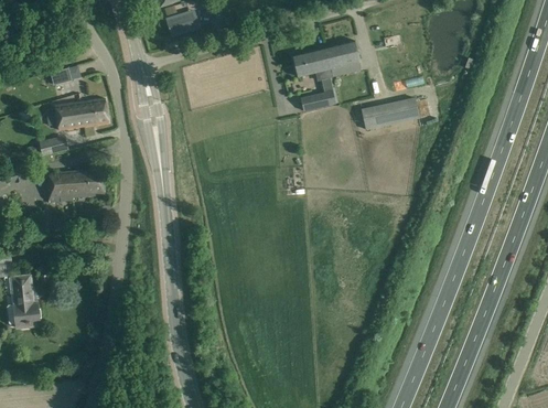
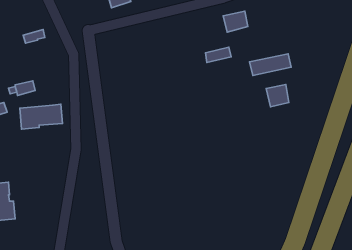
building: [292,46,332,79] -> none
building: [54,97,108,130] -> none
building: none -> [266,84,289,107]

